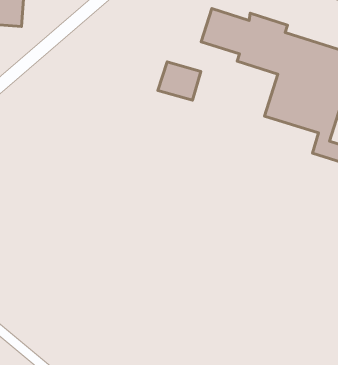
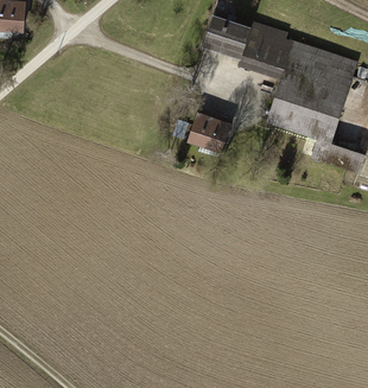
building: [158,62,201,100] -> [188,113,230,151]

